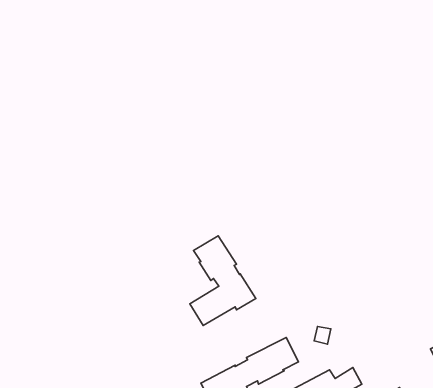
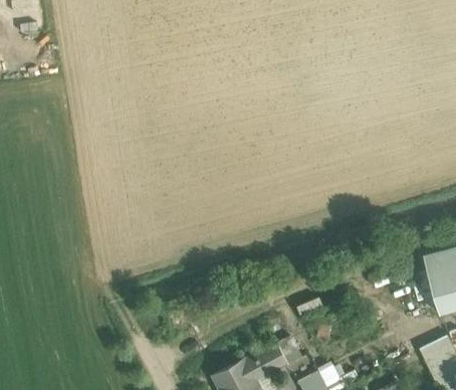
building: [190,236,256,326] -> none

